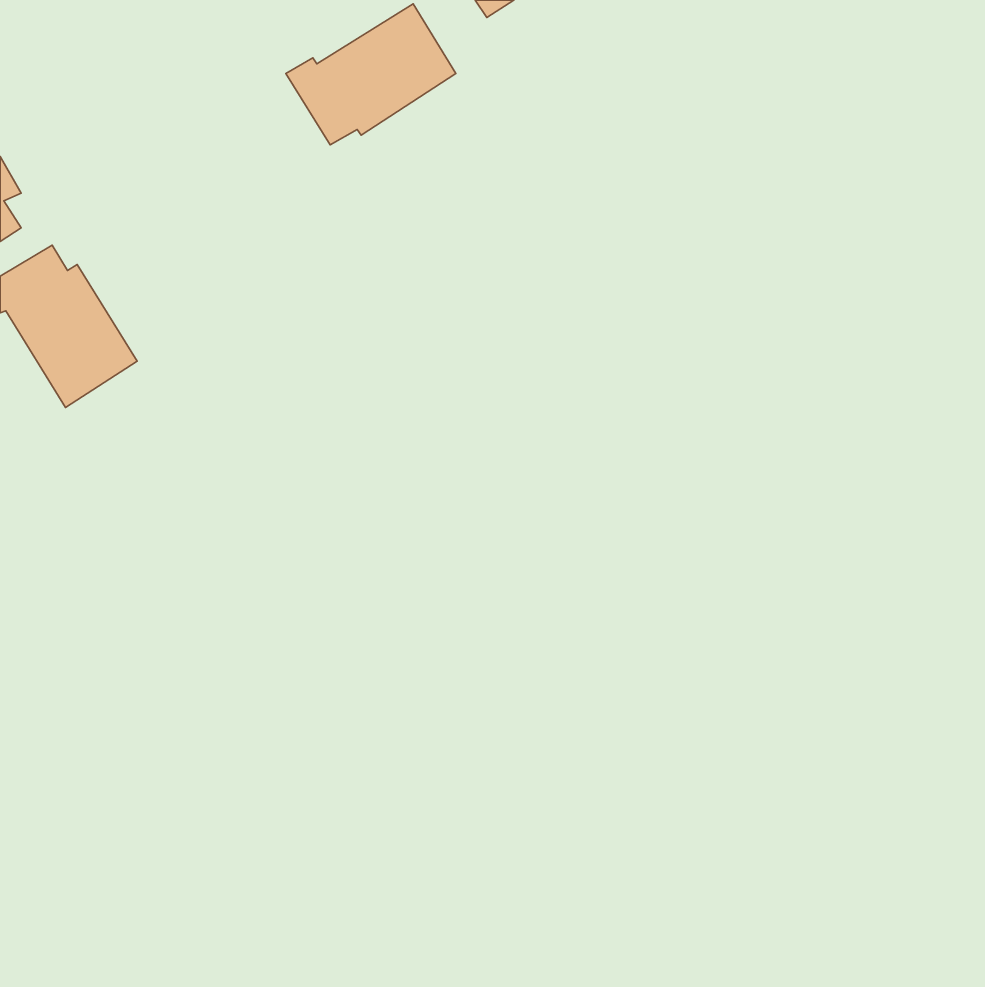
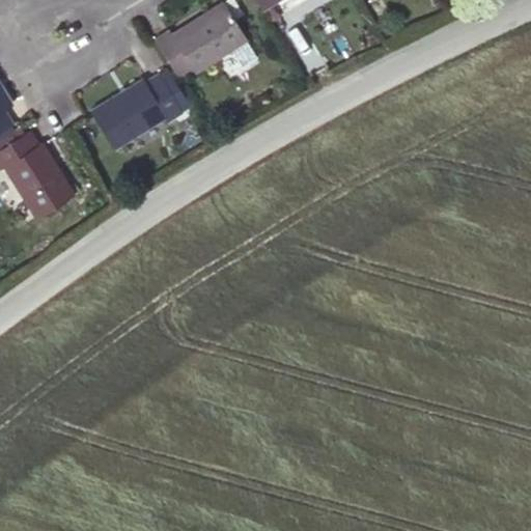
building: none -> [90,74,183,148]

